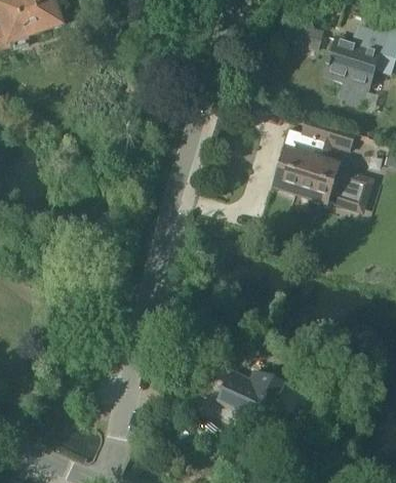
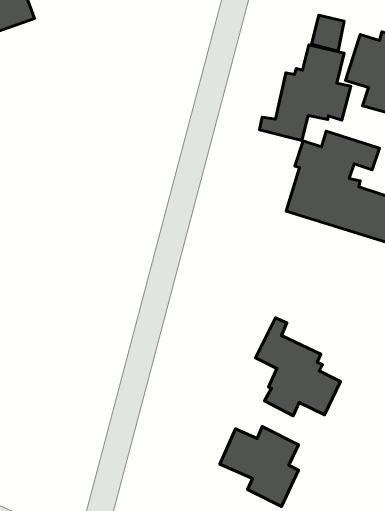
building: none -> [259,45,351,141]
building: none -> [256,318,341,416]

